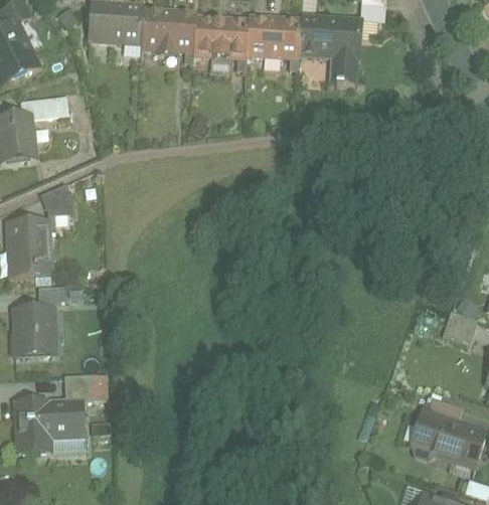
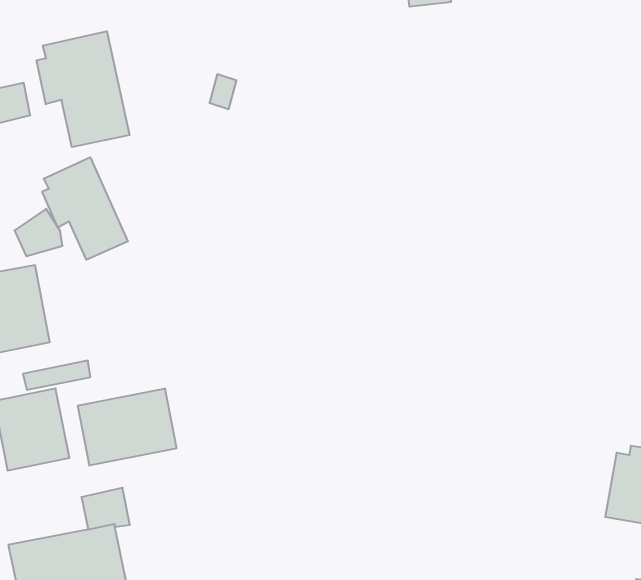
building: none -> [37,31,130,147]
building: none -> [42,157,128,260]
building: none -> [78,388,176,466]

